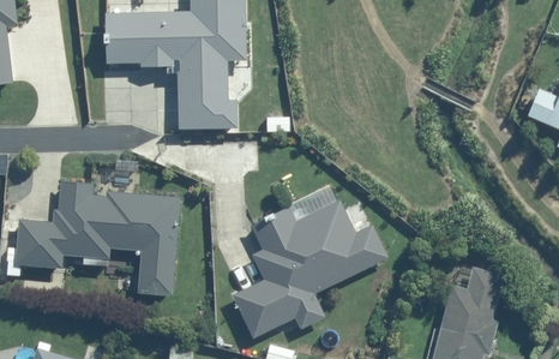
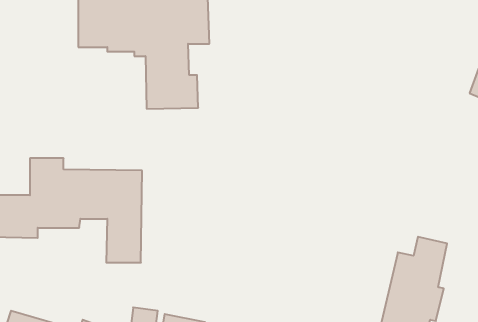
building: [230,202,385,335] -> none

